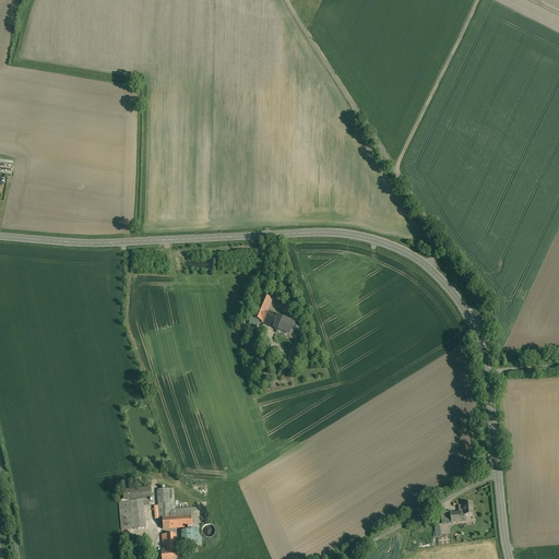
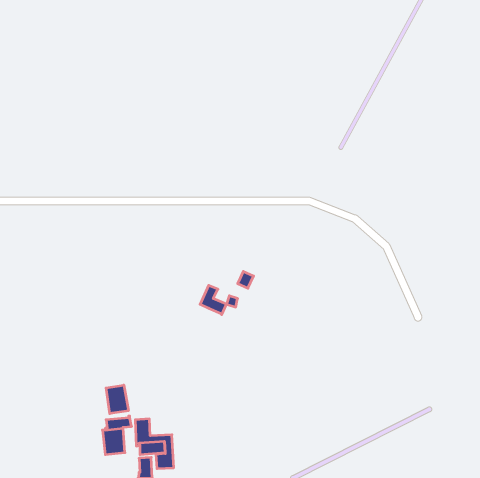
building: [252,294,283,328] -> [200,285,226,315]
building: none -> [106,385,128,414]

